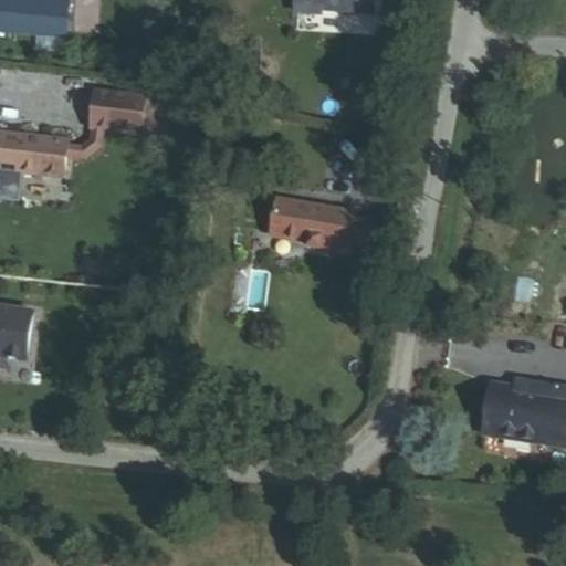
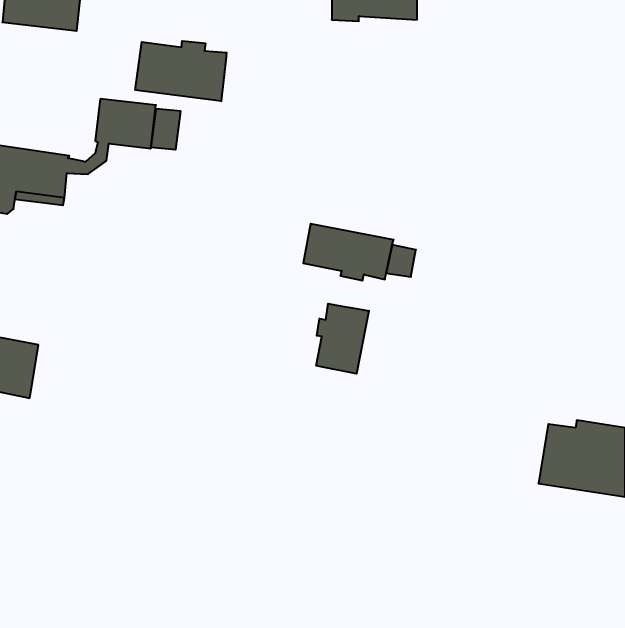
building: none -> [135,41,227,101]
building: none -> [316,304,369,374]

